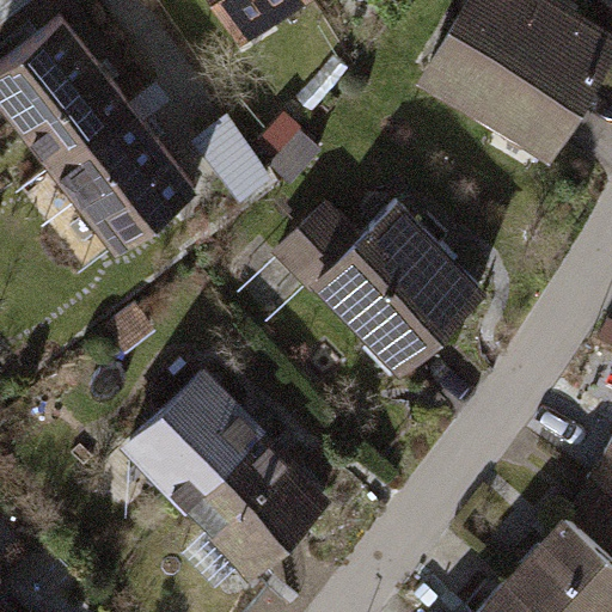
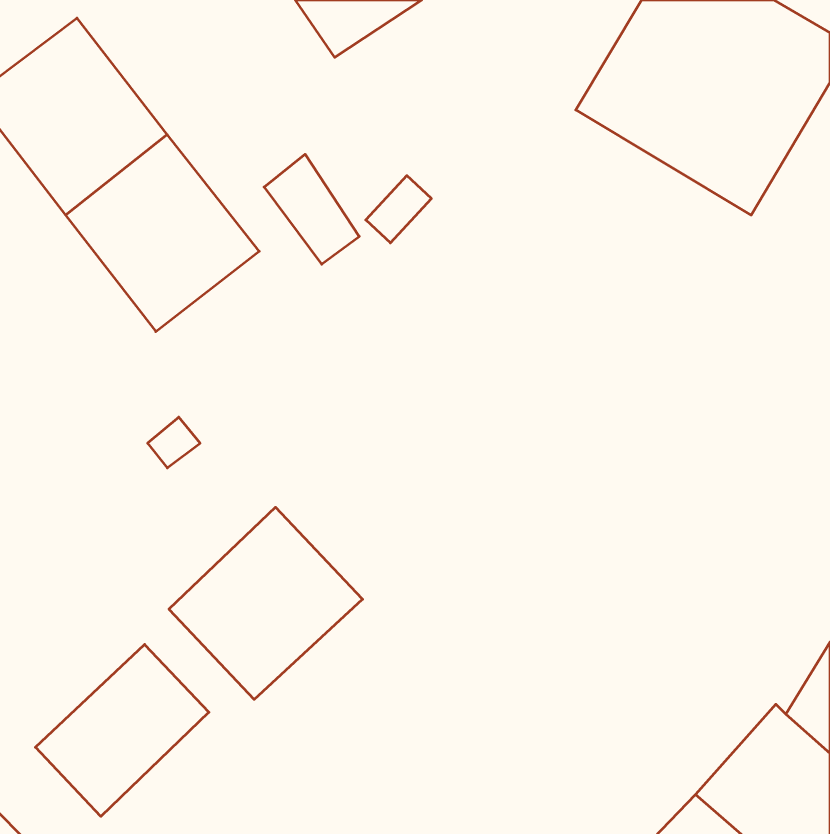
building: [275,202,482,377] -> none
building: [185,440,328,580] -> none
building: none -> [35,644,209,816]

